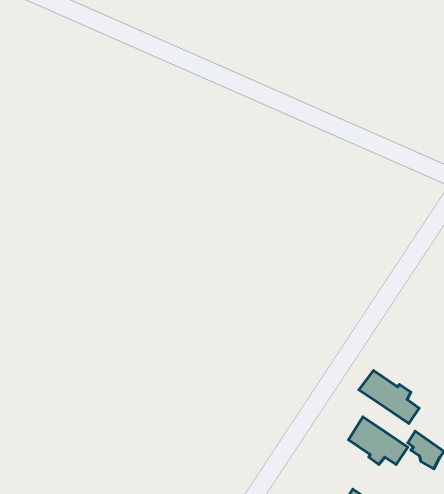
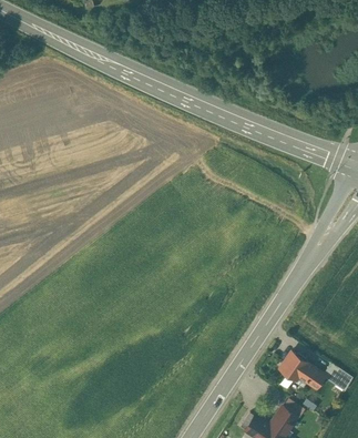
building: [359,370,419,424] -> none

